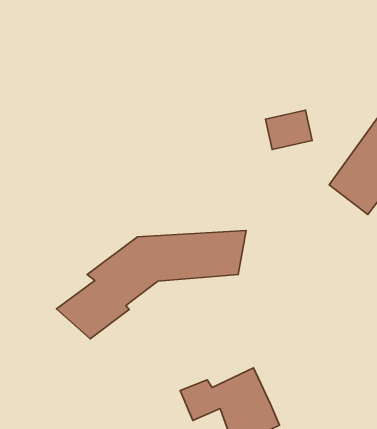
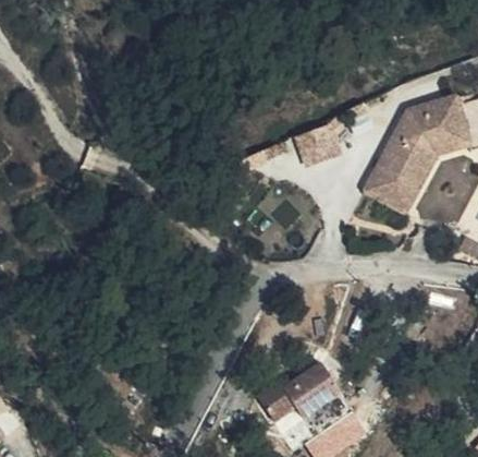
building: [56,231,246,339] -> none

